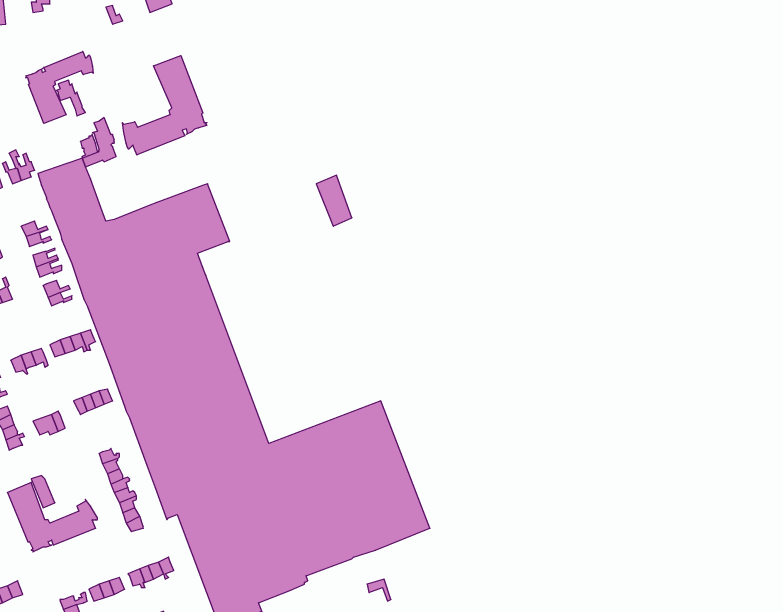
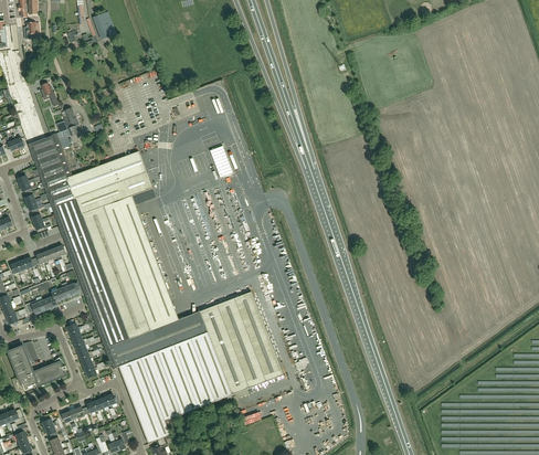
building: [26,51,93,123] -> none
building: [122,56,207,155] -> none

